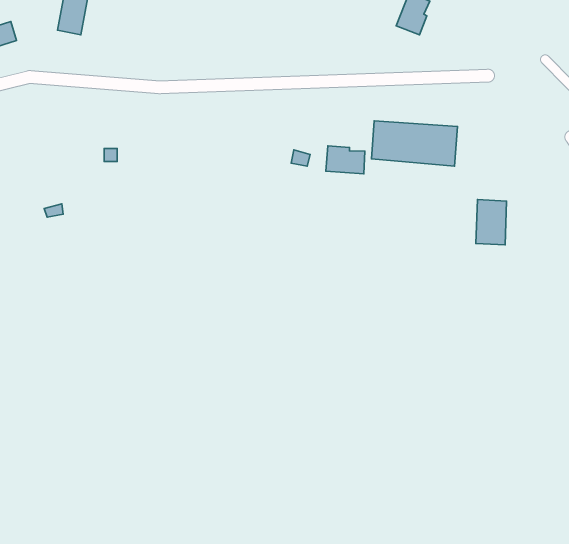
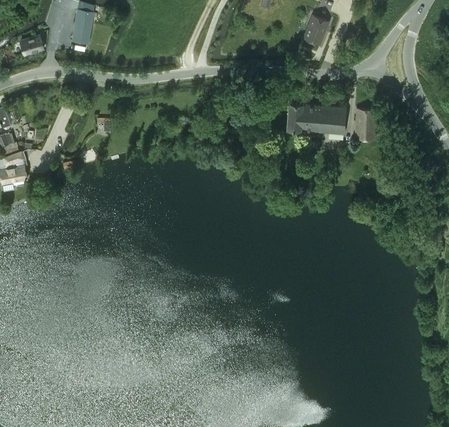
building: [326,146,365,174] -> none
building: [476,200,507,245] -> [355,109,376,140]

